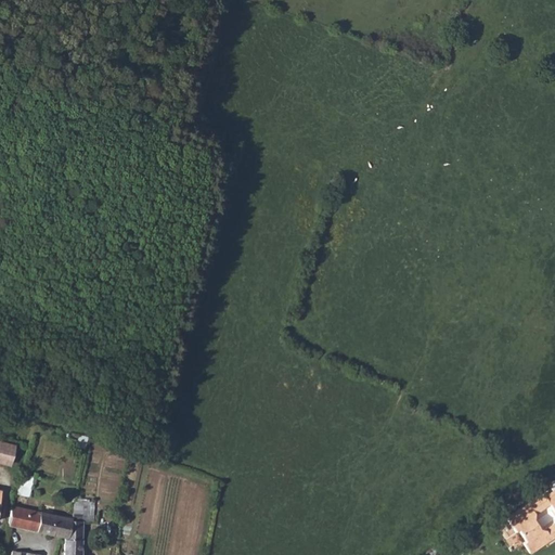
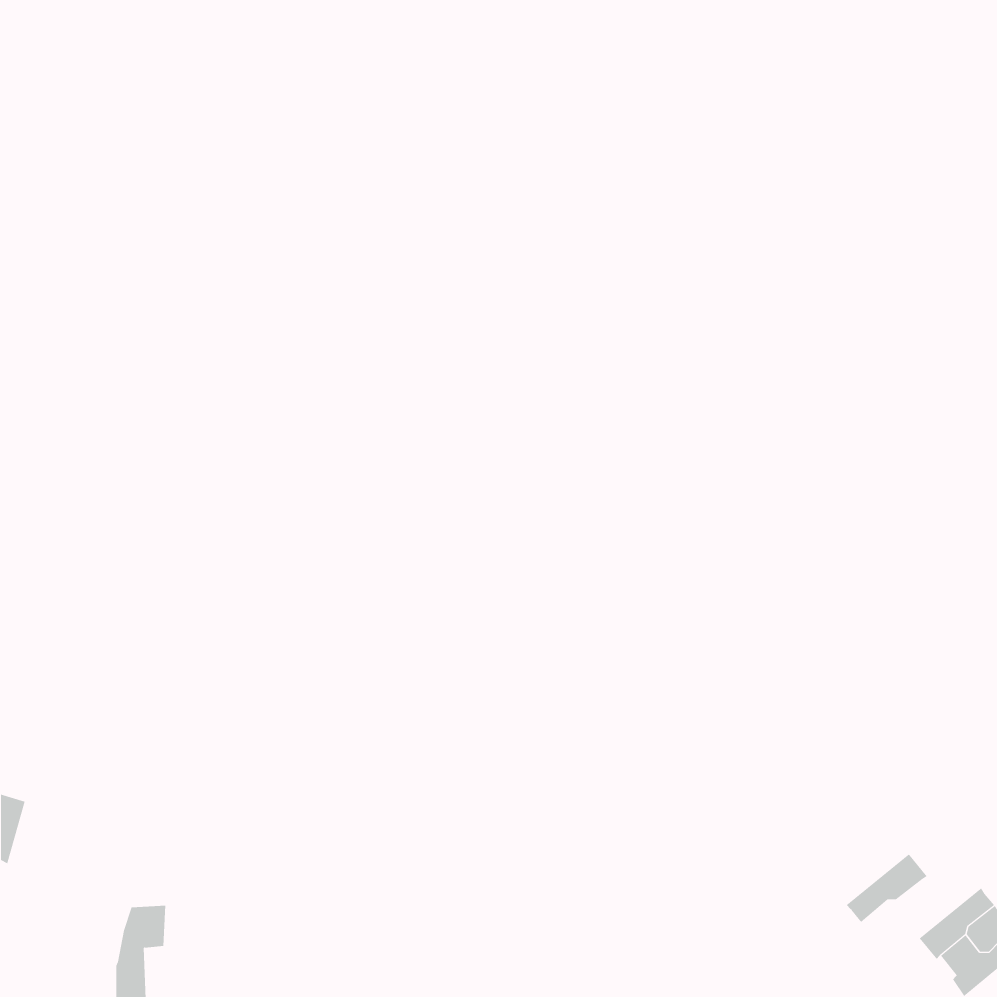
building: none -> [846,854,927,923]
building: [9,505,69,537] -> none

